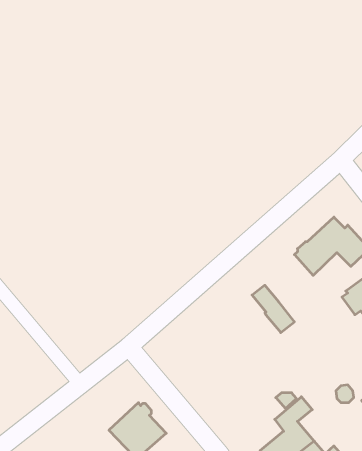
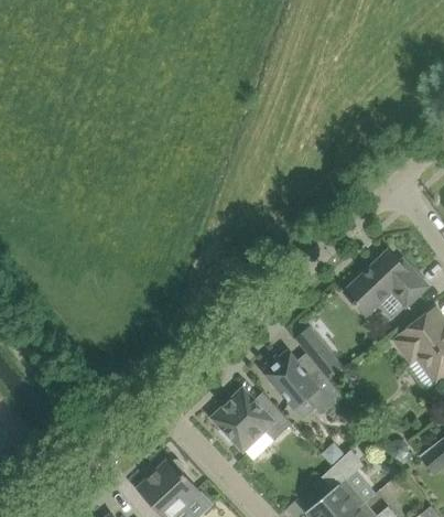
building: none -> [263,352,343,412]
building: none -> [214,391,292,450]

